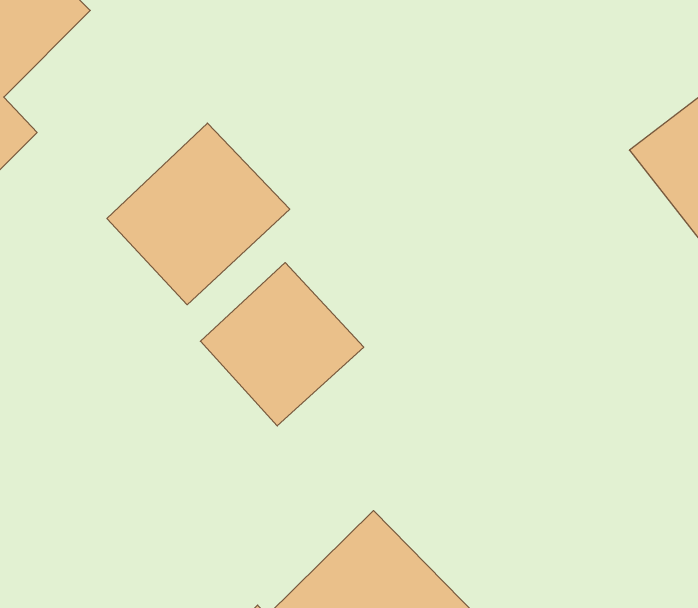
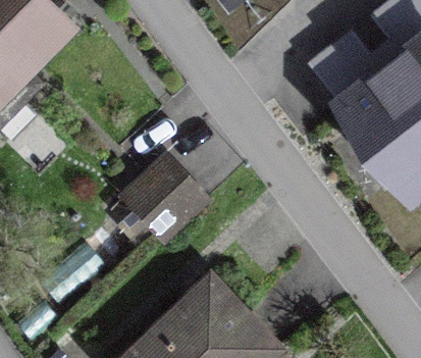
building: [107,123,290,305] -> none

